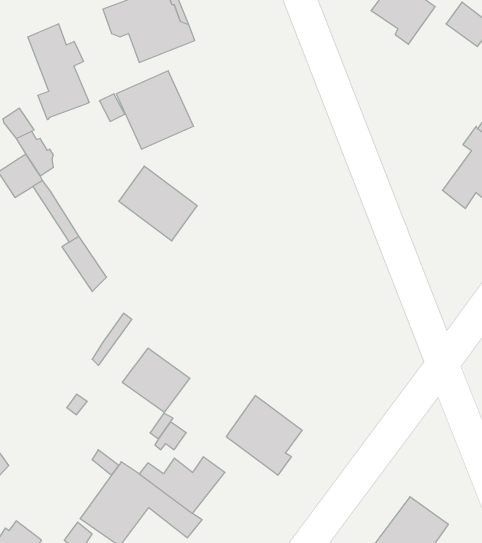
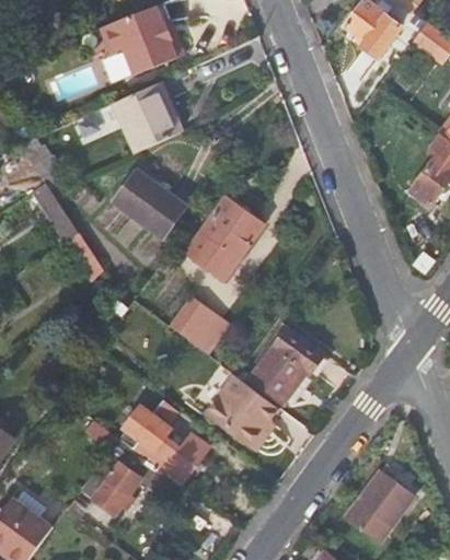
building: [28,24,89,120] -> none
building: none -> [174,195,264,280]
building: none -> [250,324,325,400]
building: [122,348,190,412] -> [166,294,228,352]

